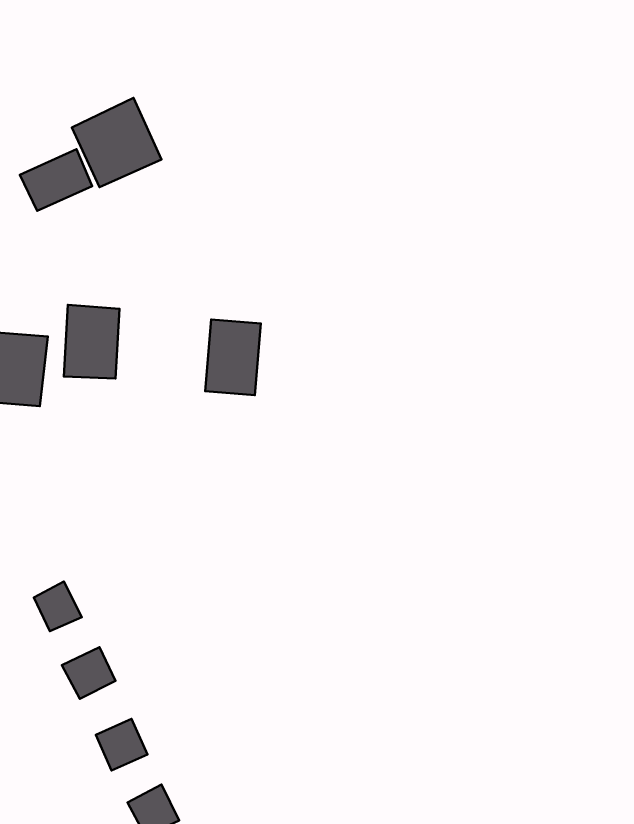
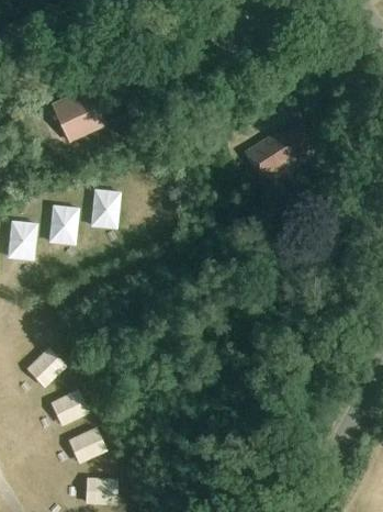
building: [20,149,92,211] -> none
building: none -> [245,123,316,181]
building: [205,320,261,395] -> [90,187,121,229]

